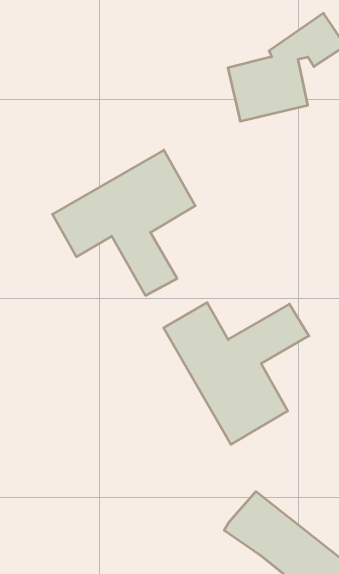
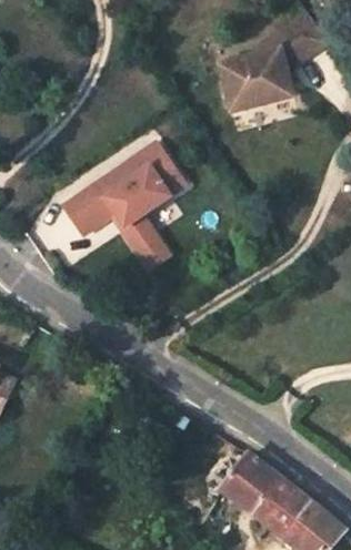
building: [164,303,309,444] -> none

